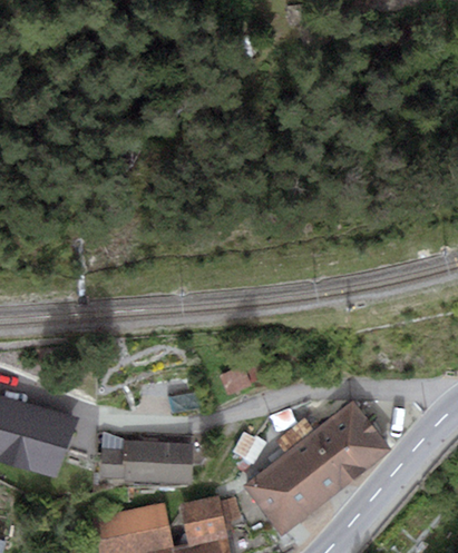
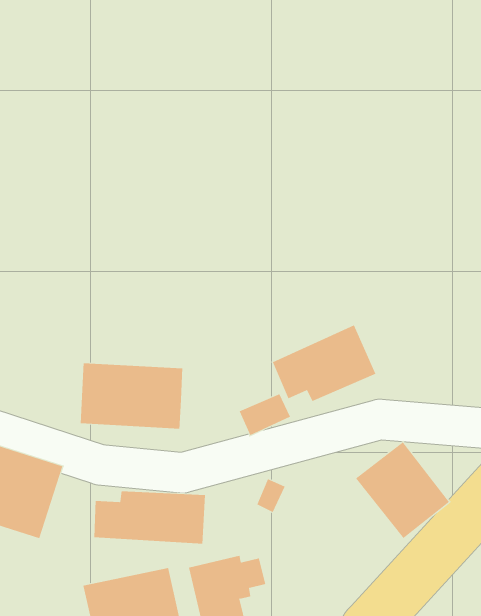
building: none -> [272,324,376,402]
building: none -> [80,362,183,429]
building: [243,417,353,535] -> none

